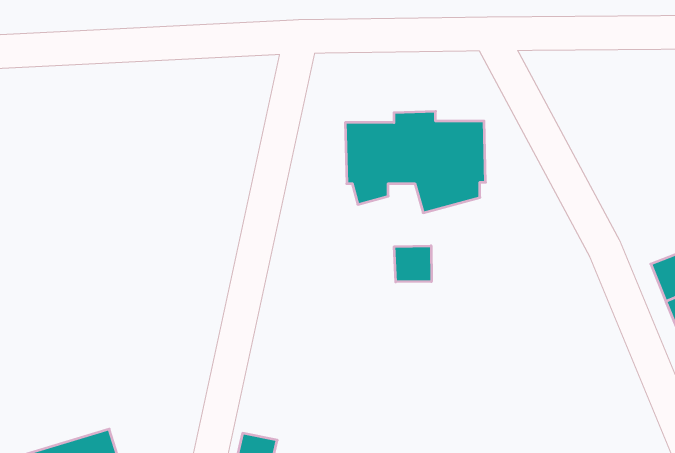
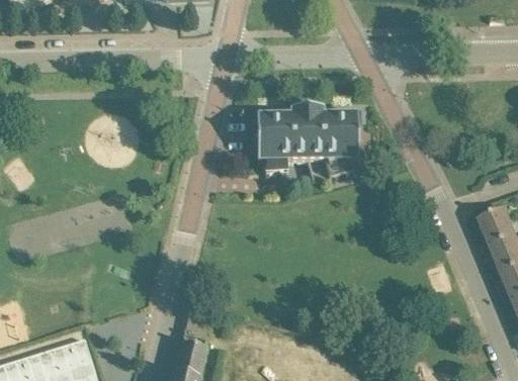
building: [394,246,431,282] -> none

